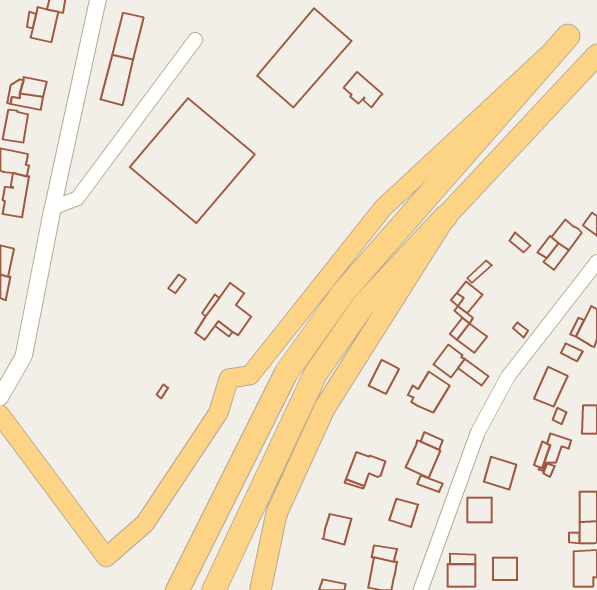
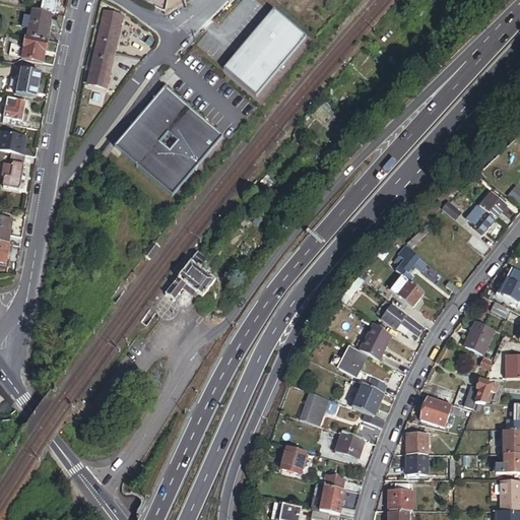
building: none -> [22,32,47,60]
building: [344,72,382,107] -> none
building: [369,360,399,394] -> [336,344,363,374]
building: [493,558,517,580] -> [406,454,428,473]

